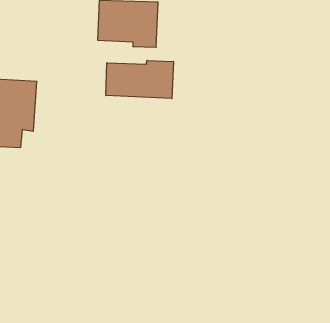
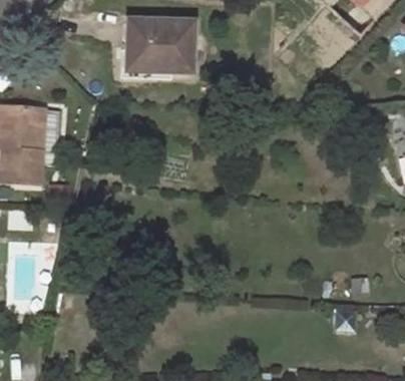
building: [106,60,173,99] -> none

